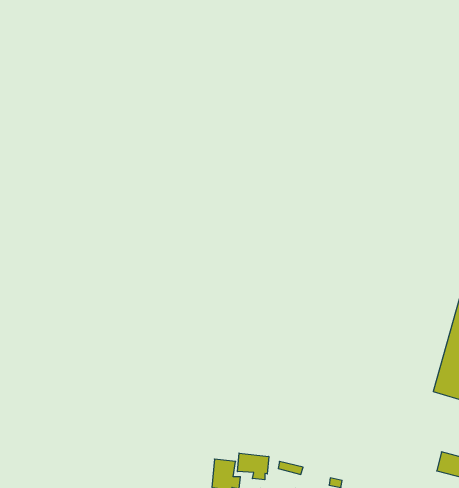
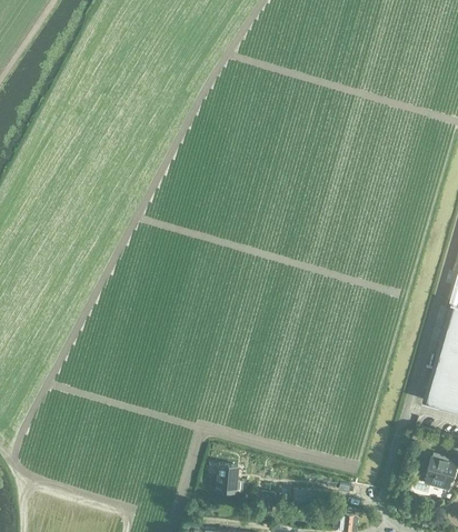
building: [237,453,269,480] -> none

